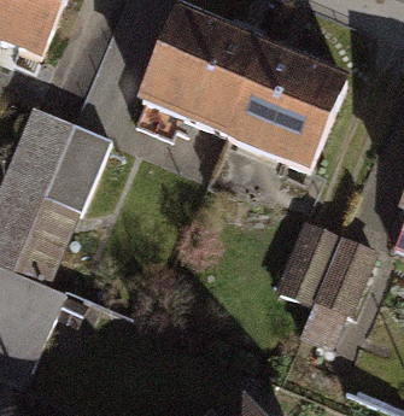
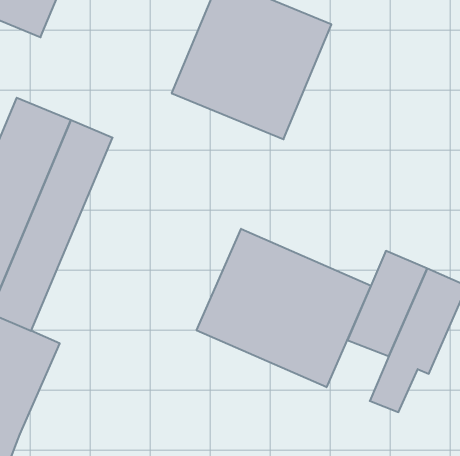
building: [234,53,355,175] -> none
building: none -> [197,229,371,387]

